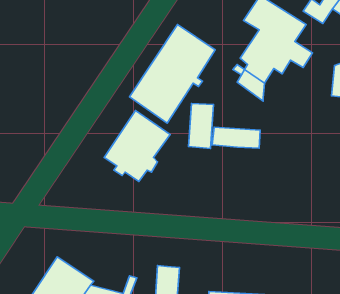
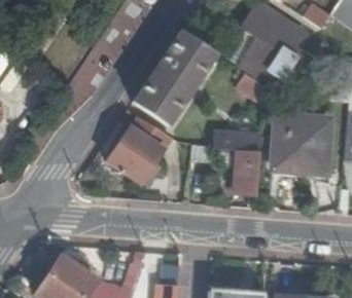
building: [189,104,214,149] -> [235,150,259,194]
building: none -> [275,117,327,171]

